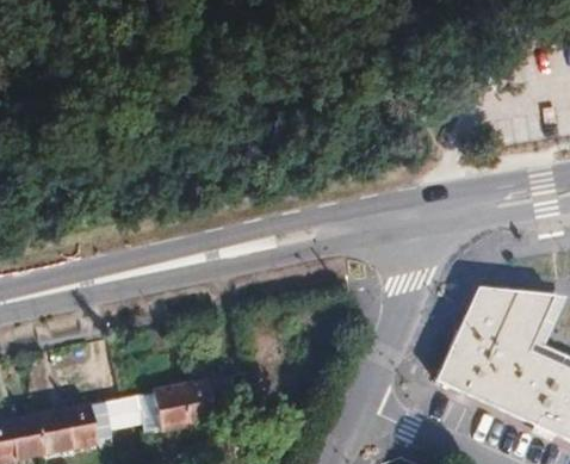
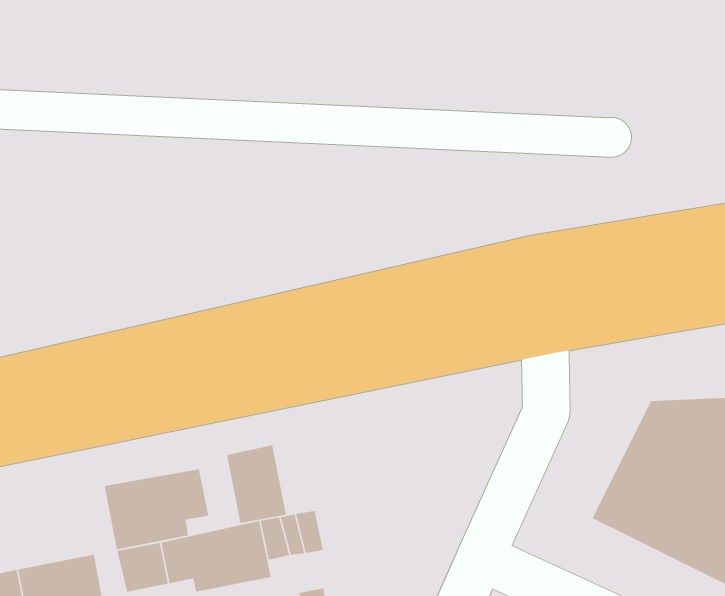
building: none -> [226,445,287,524]
building: none -> [104,469,209,550]

